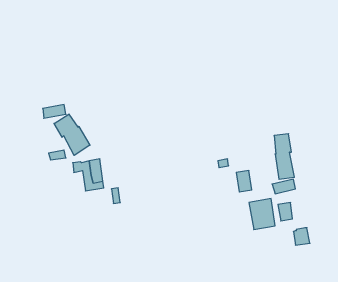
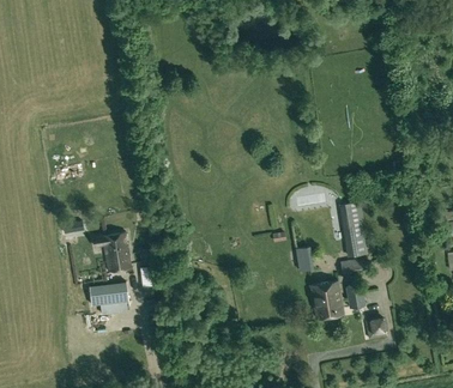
building: [54,114,90,155] -> none
building: none -> [89,283,128,307]

